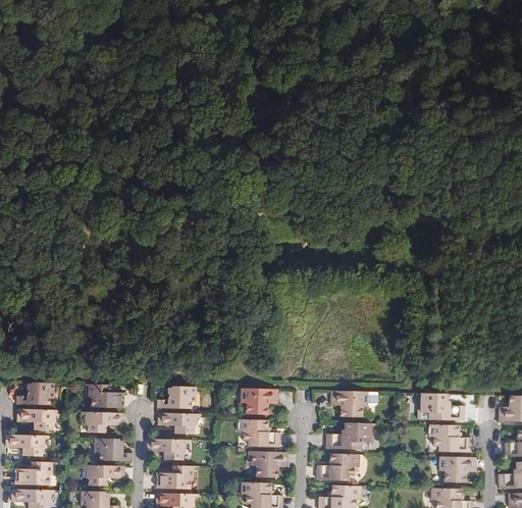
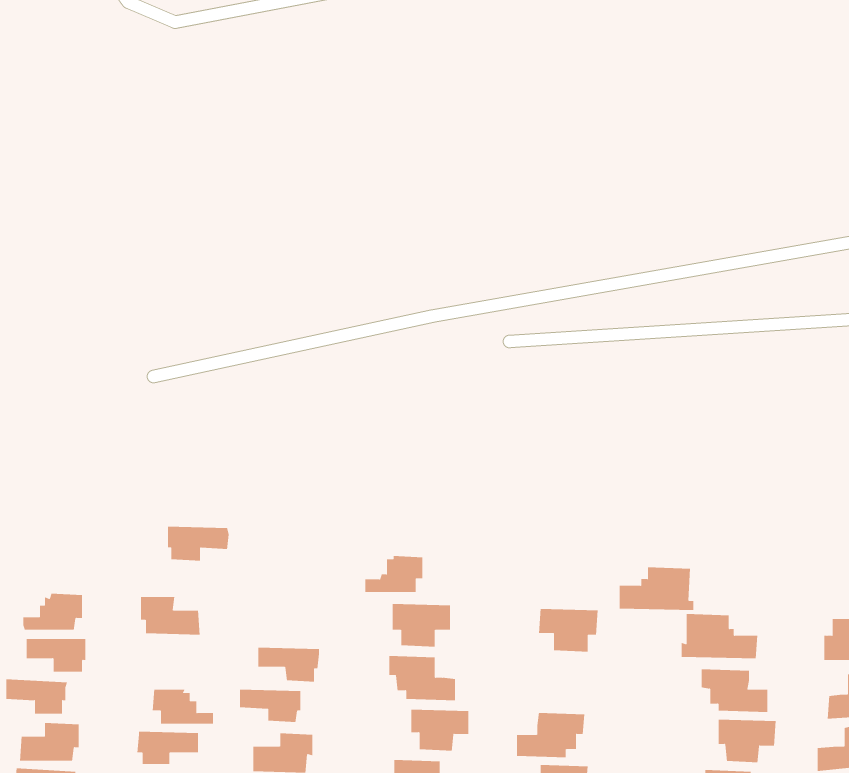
building: [160,386,196,408] -> [364,555,423,592]
building: [87,412,124,434] -> [167,526,229,561]
building: [327,423,373,450] -> [619,567,694,610]

